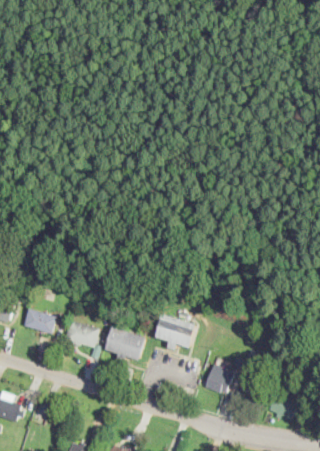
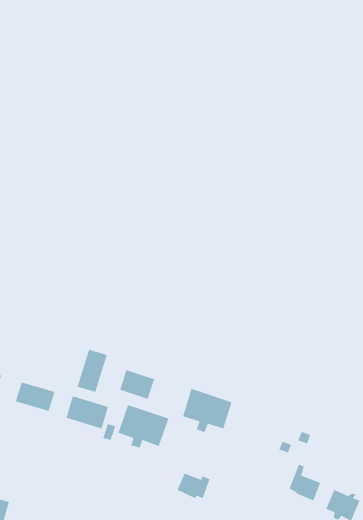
building: none -> [77,349,108,393]
building: none -> [119,369,155,400]
building: [204,372,231,393] -> [176,473,211,499]

